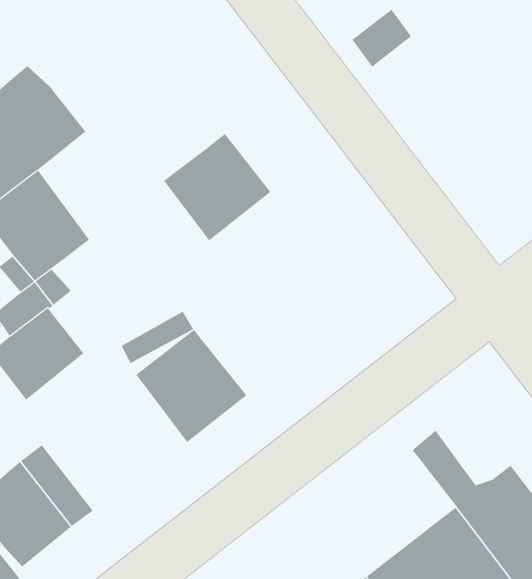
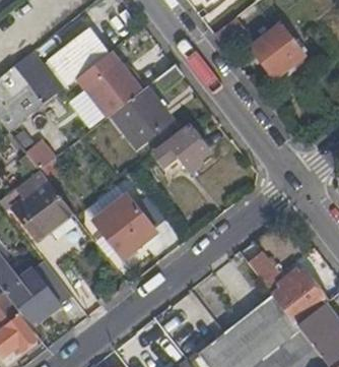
building: none -> [251,24,306,79]
building: none -> [49,33,106,86]
building: none -> [77,63,135,121]
building: none -> [152,126,210,174]

